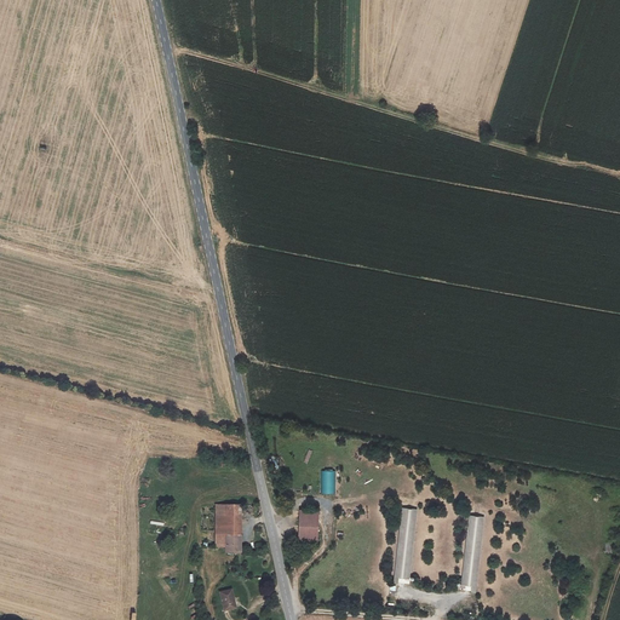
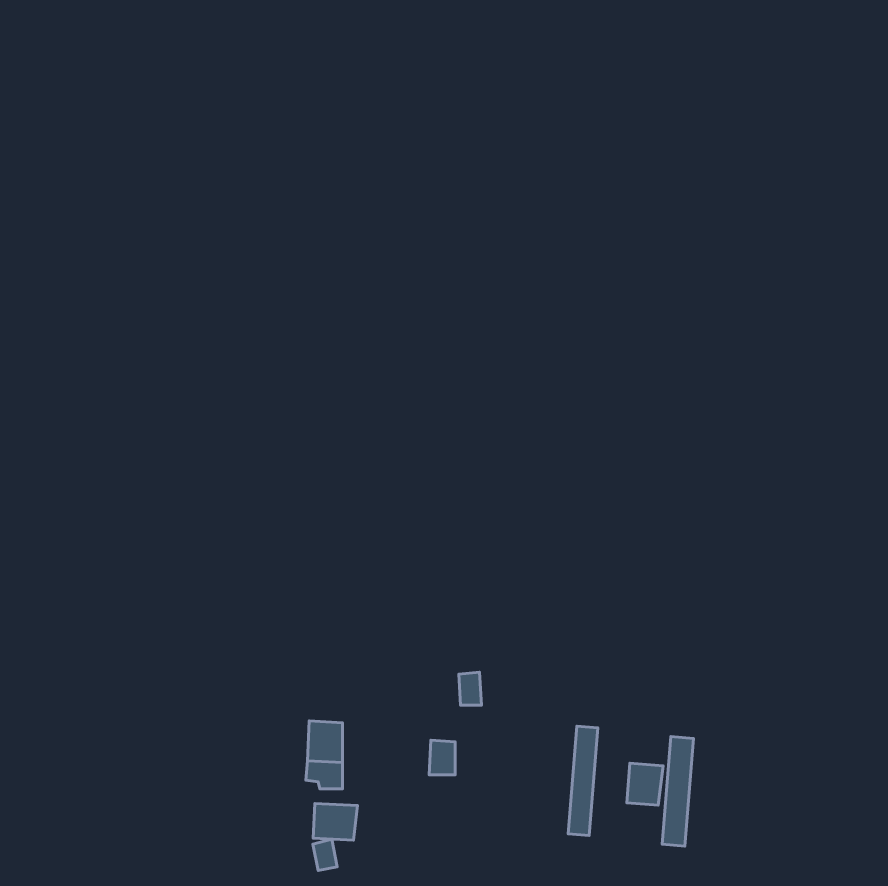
building: none -> [627,763,663,805]
building: none -> [313,804,357,840]

